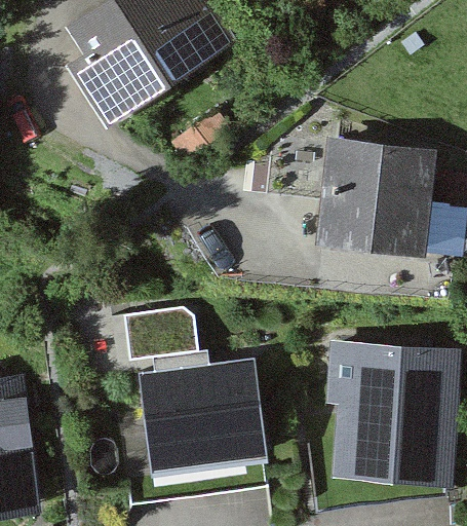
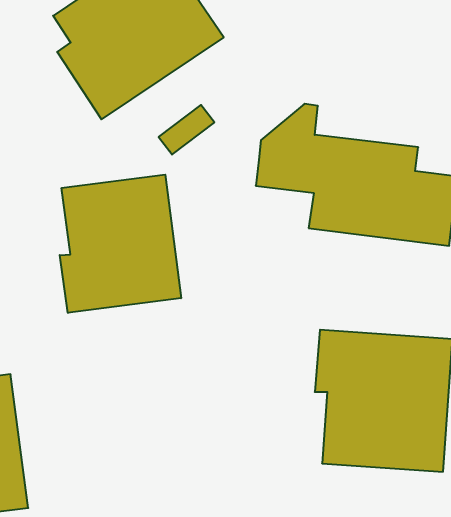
building: none -> [60,175,181,313]
building: [124,311,267,476] -> none

